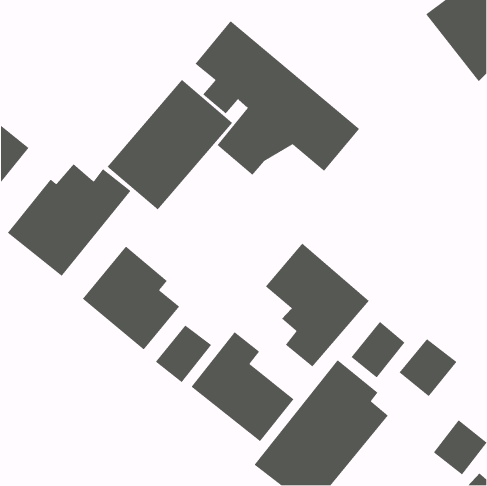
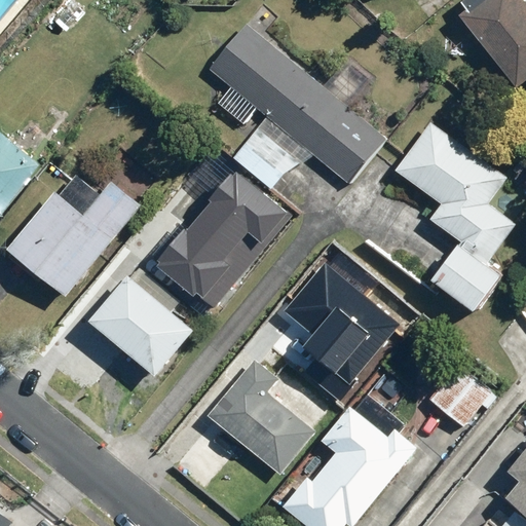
building: [106,79,233,211] -> [156,167,293,309]
building: none -> [394,120,519,312]
building: [350,321,405,379] -> none
building: [155,325,212,383] -> none

